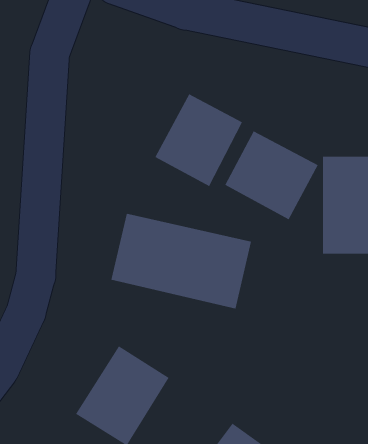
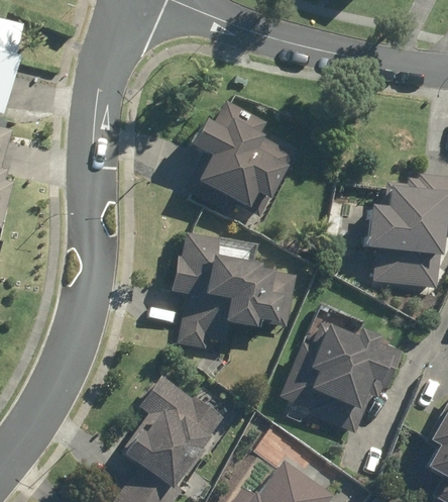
building: [224,131,318,220] -> none
building: none -> [288,306,401,424]

